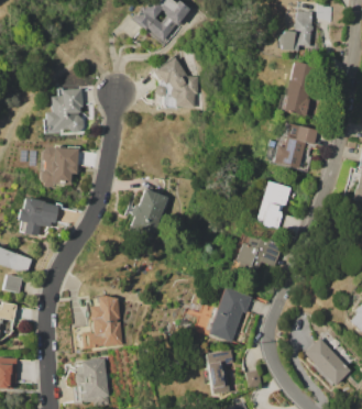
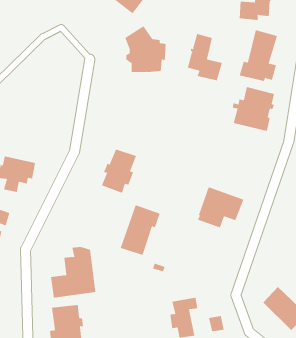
building: none -> [187,33,222,81]
building: [45,88,84,133] -> none
building: [40,146,77,187] -> none
building: [256,180,301,234] -> none
building: [207,287,251,342] -> [120,204,161,255]

